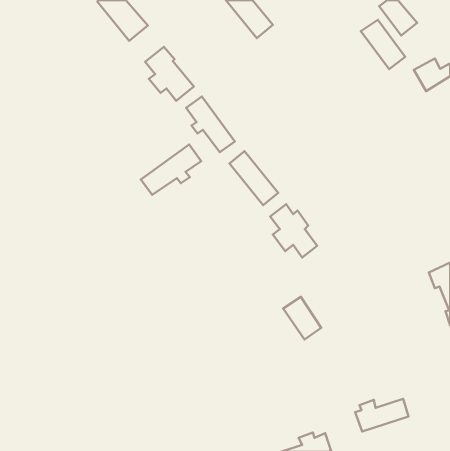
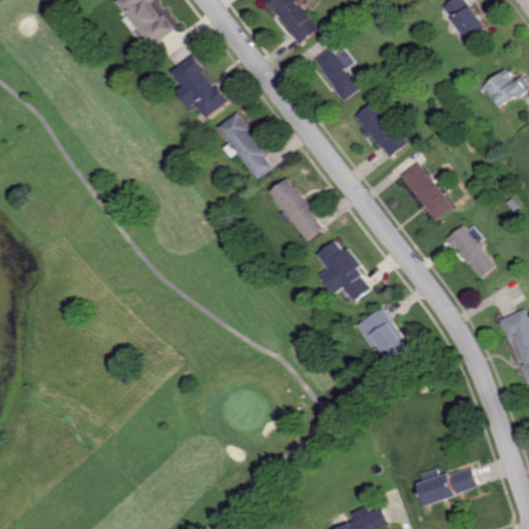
building: [361,20,405,69] -> [354,101,406,159]
building: none -> [314,49,363,102]
building: none -> [401,161,453,220]
building: [141,145,201,195] -> none
building: none -> [448,225,495,280]
building: [283,297,321,339] -> [361,308,405,357]

